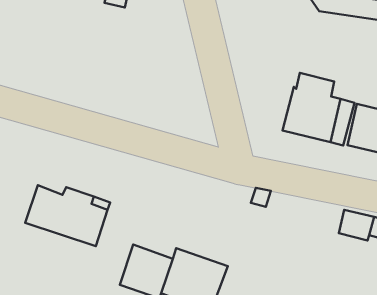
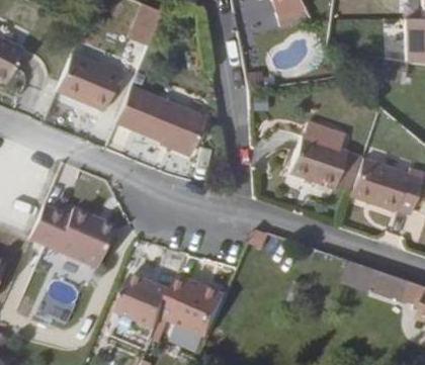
building: none -> [55,55,119,114]
building: none -> [115,84,205,152]

